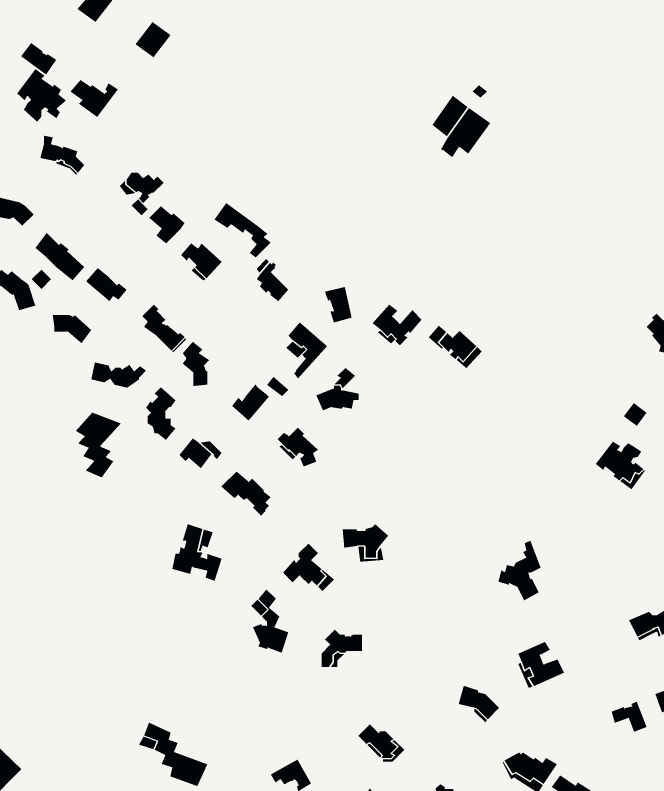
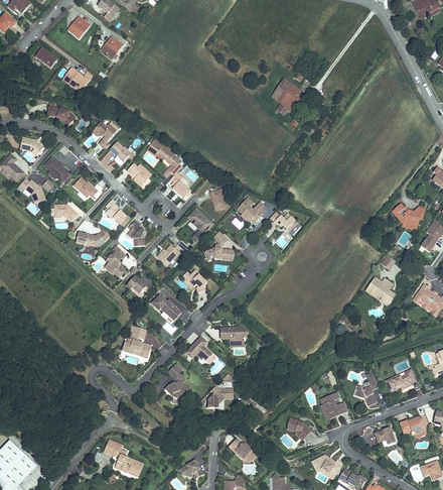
building: [16,68,67,122] -> none
building: [75,412,122,478] -> none
building: [497,540,541,601] -> [353,370,379,405]

